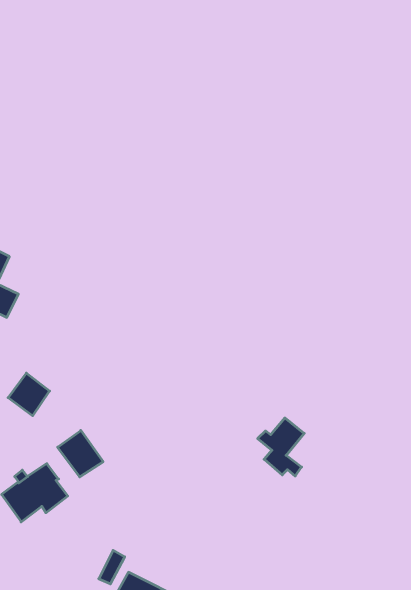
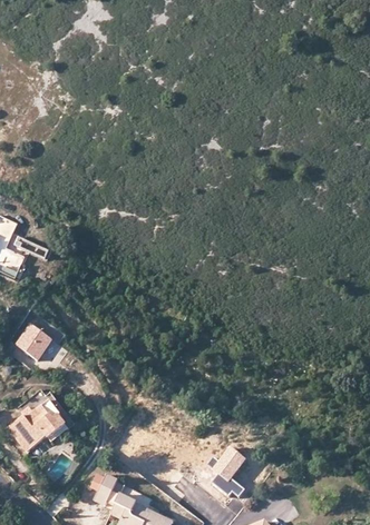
building: [258,418,304,476] -> [207,445,247,495]
building: [58,430,103,477] -> none

